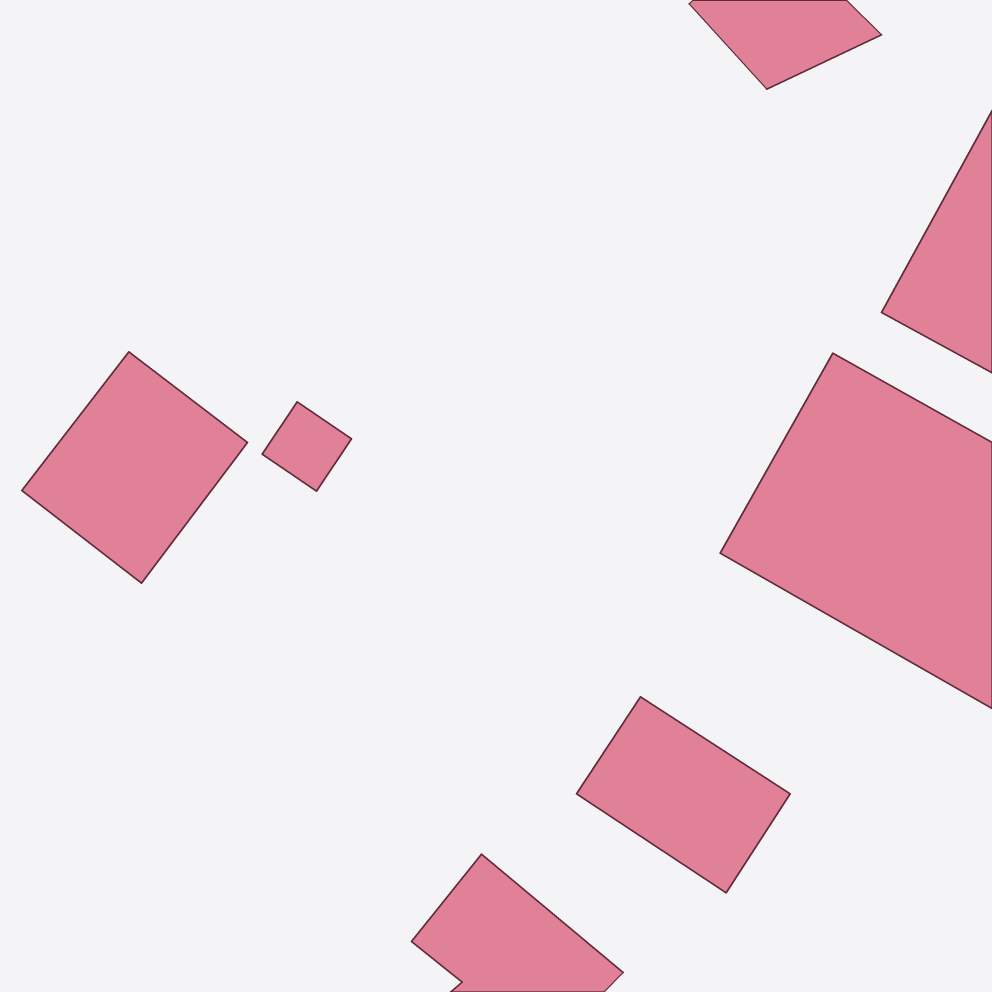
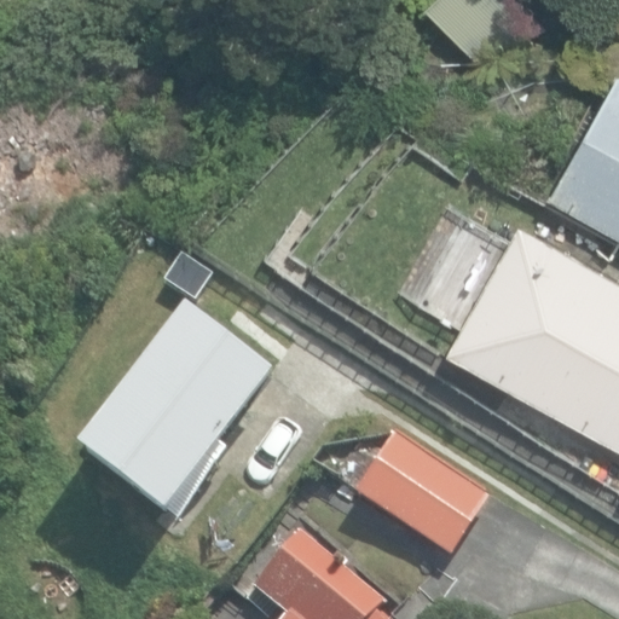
building: [22,352,248,583] -> none
building: none -> [83,311,276,515]

